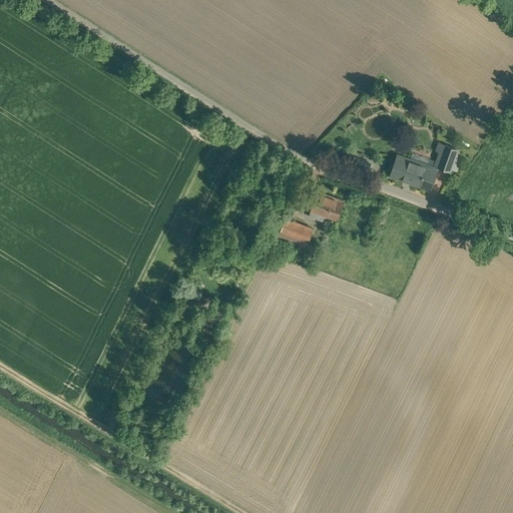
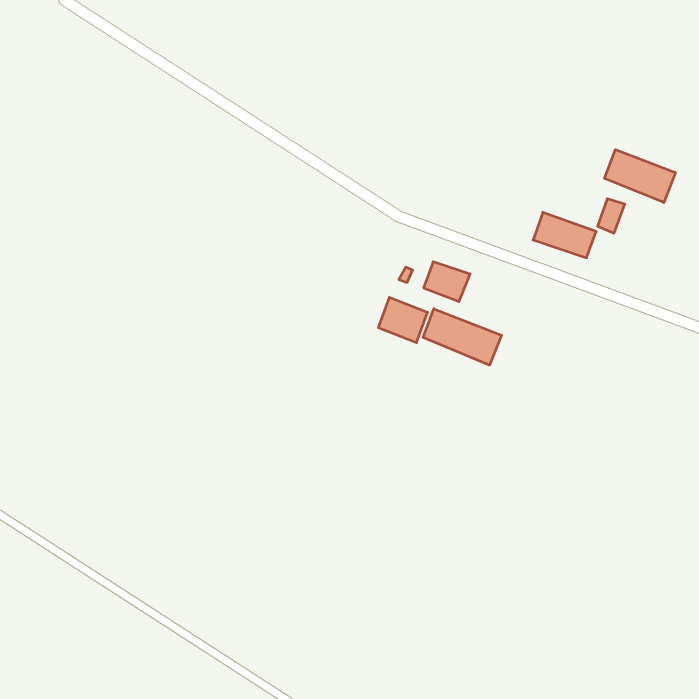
building: none -> [605,150,675,203]
building: none -> [423,309,502,365]

